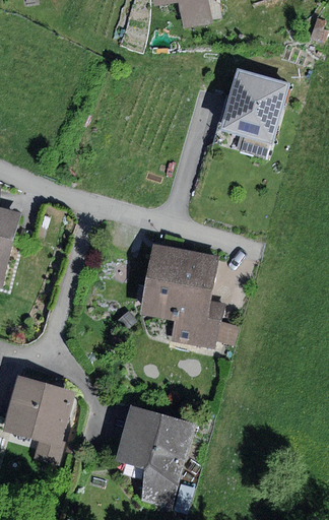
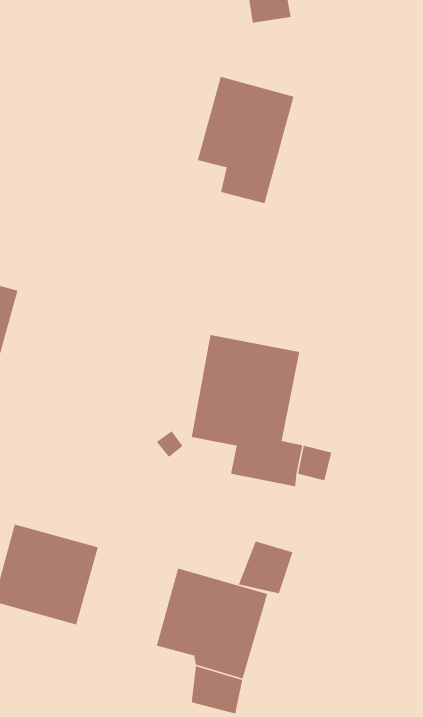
building: [221,70,289,159] -> [197,76,294,204]
building: none -> [238,541,293,594]

